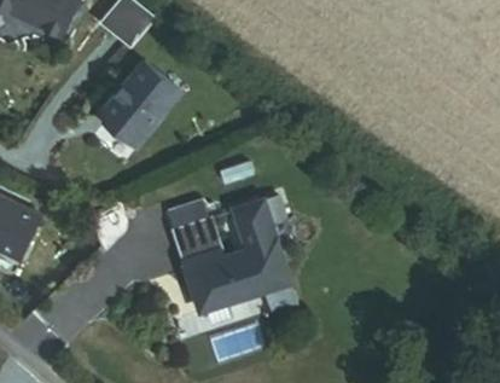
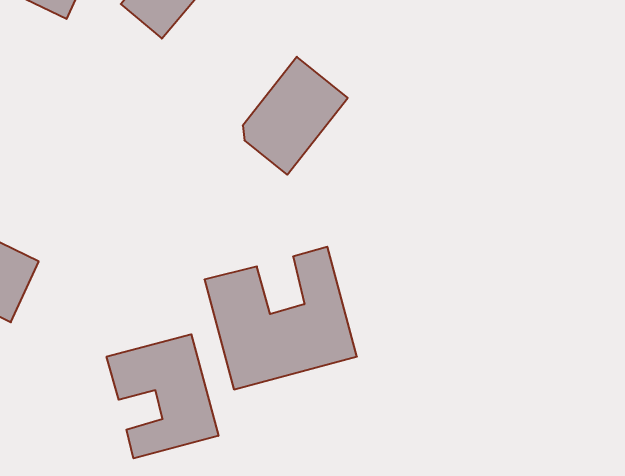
building: [106,59,184,146] -> [243,57,348,175]
building: none -> [107,334,218,458]

